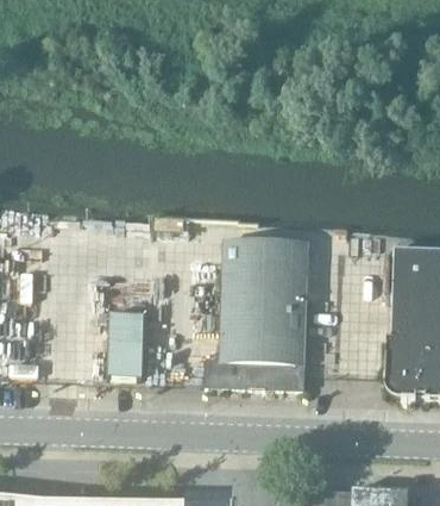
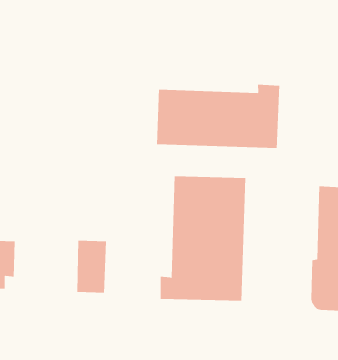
building: none -> [156,84,280,149]

